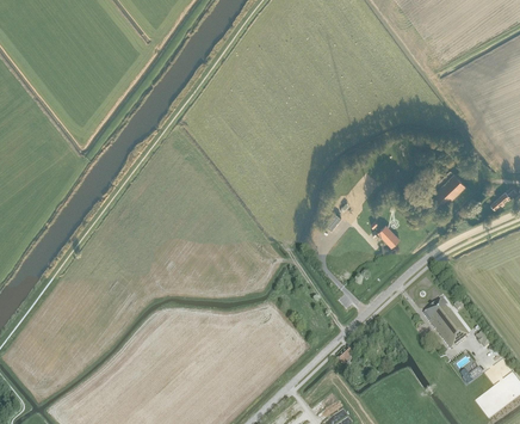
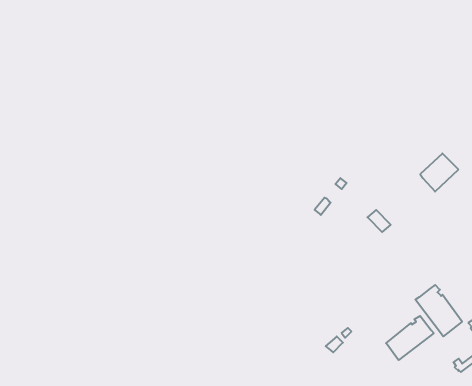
building: none -> [386,316,434,360]

